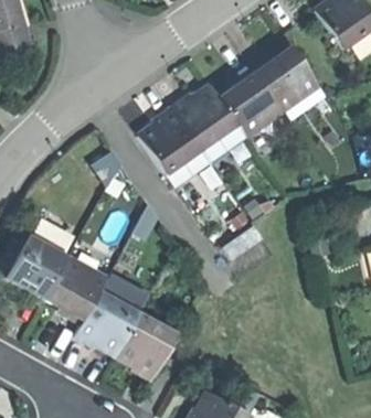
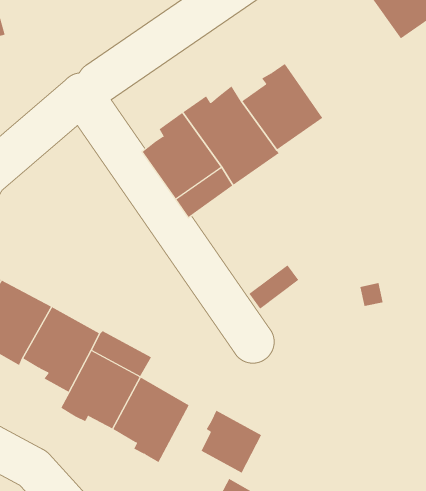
building: [252,44,326,120] -> none
building: none -> [201,410,262,474]

